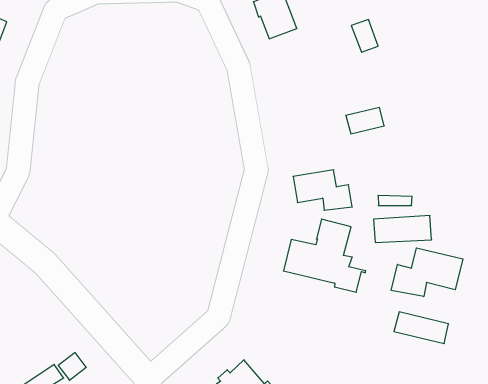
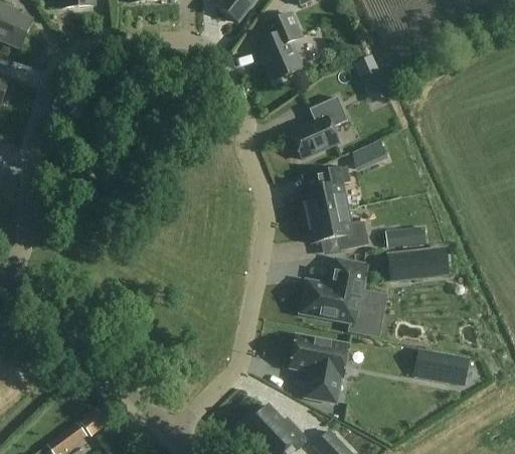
building: none -> [291,96,348,157]
building: none -> [301,166,350,216]
building: [391,248,463,297] -> none
building: none -> [291,335,348,402]

